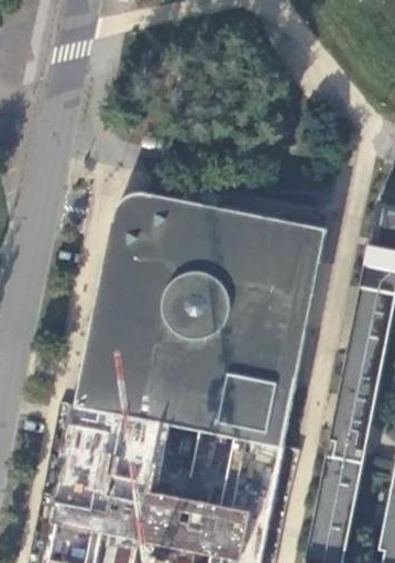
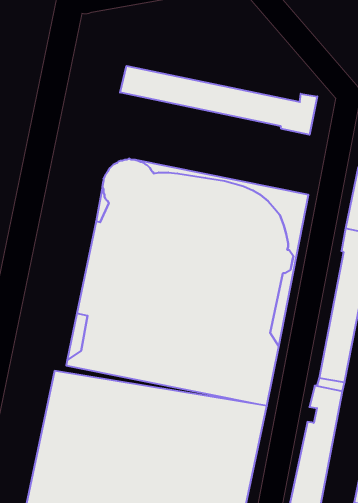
building: none -> [120,66,317,135]

